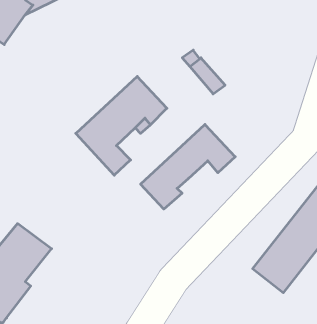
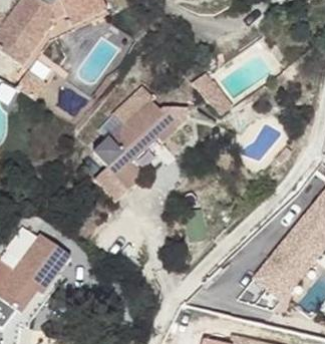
building: [141,124,235,209] -> none

